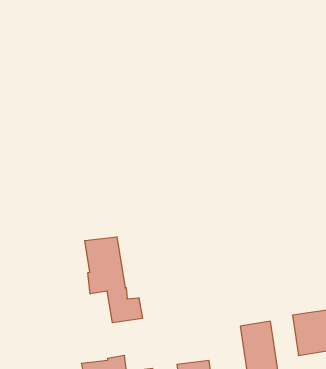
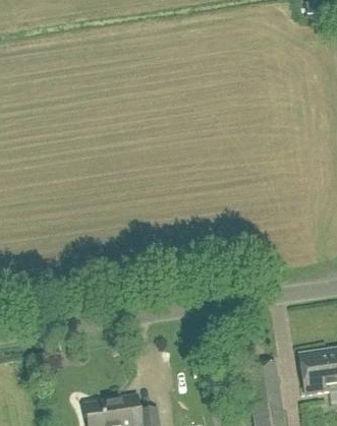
building: [85,237,142,323] -> none

